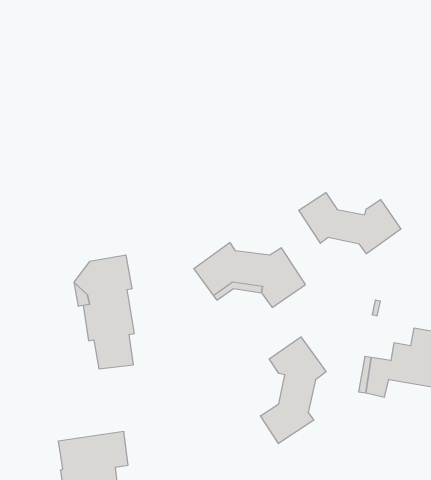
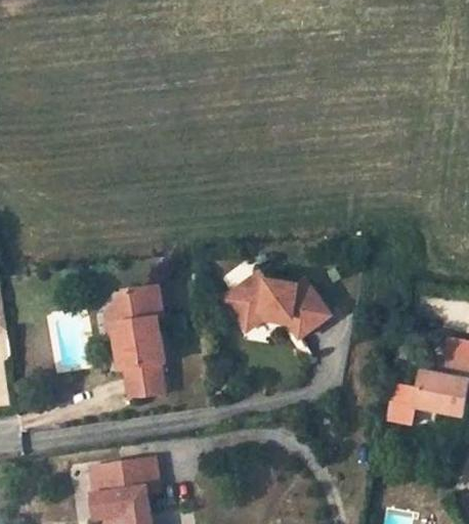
building: [299,192,401,254] -> none
building: [260,337,326,444] -> none

